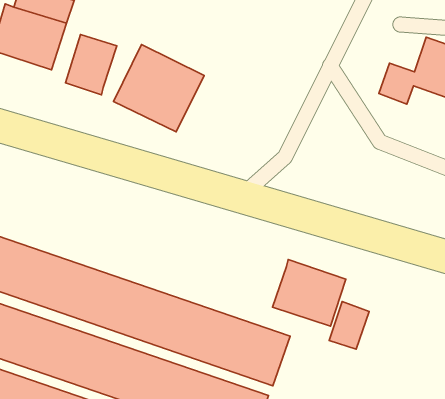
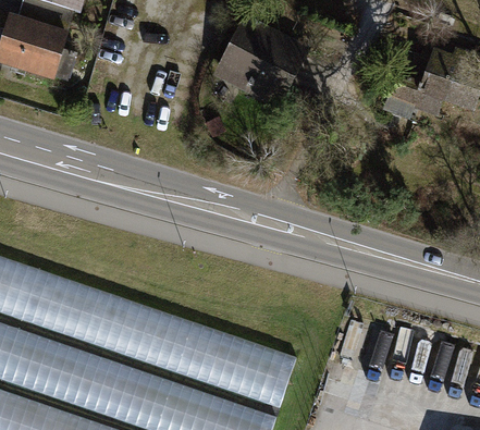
building: [65,35,117,95] -> none
building: [113,44,204,132] -> [212,25,304,113]
building: [272,260,346,326] -> none

